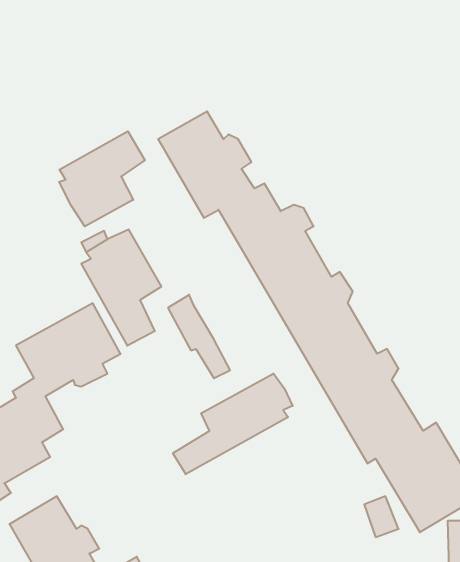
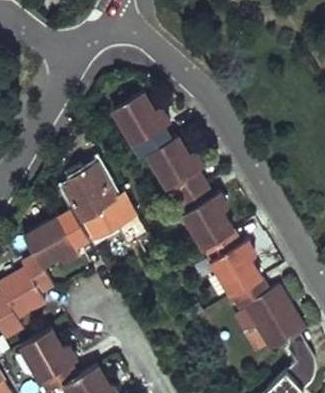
building: [59,131,145,226] -> none
building: [173,373,293,474] -> none

